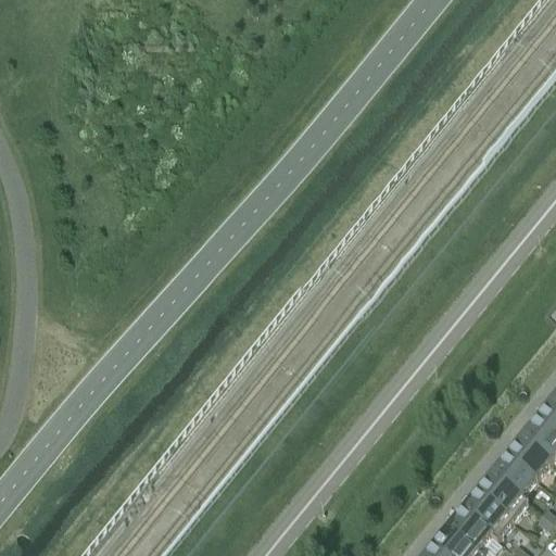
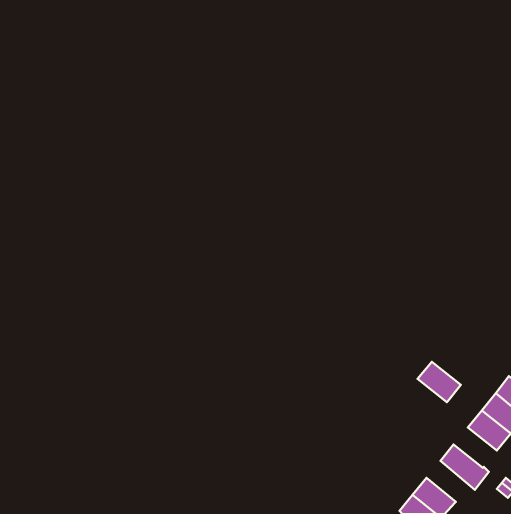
building: [493,462,540,505] -> [418,362,461,402]
building: [464,497,516,548] -> none

